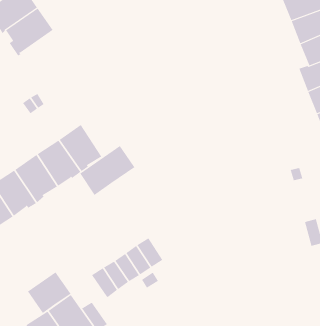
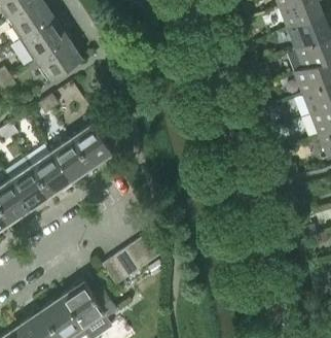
building: none -> [36,36,82,81]
building: [79,145,135,196] -> none
building: [27,271,71,314] -> none

